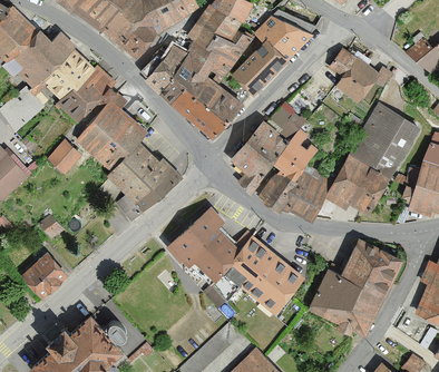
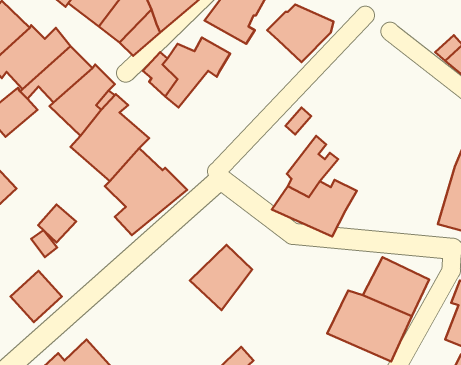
building: [188,25,252,79] -> none
building: [232,42,285,95] -> none
building: [330,48,392,102] -> none
building: [174,70,244,139] -> none
building: [325,102,420,214] -> none
building: [231,120,299,192] -> none
building: [48,139,82,174] -> [38,204,76,242]
building: [167,206,224,261] -> none
building: [213,226,304,313] -> none

